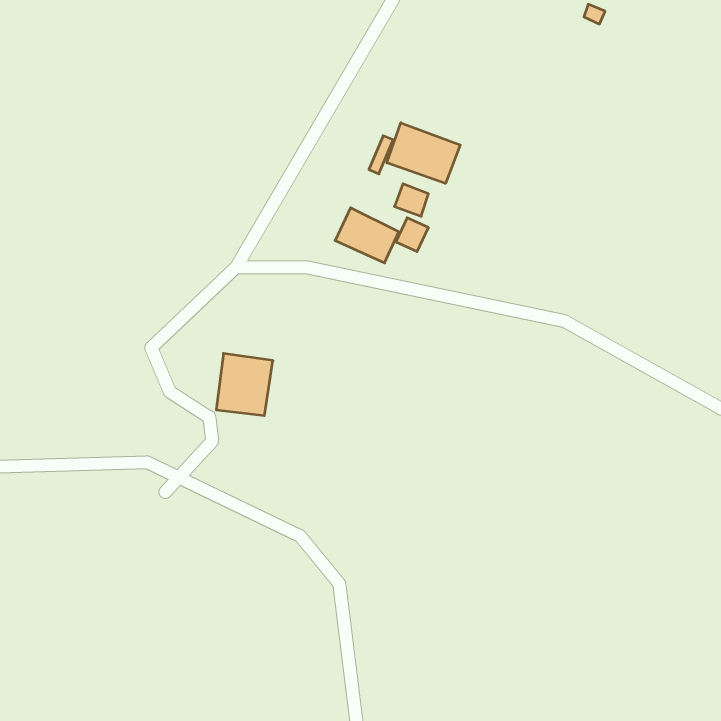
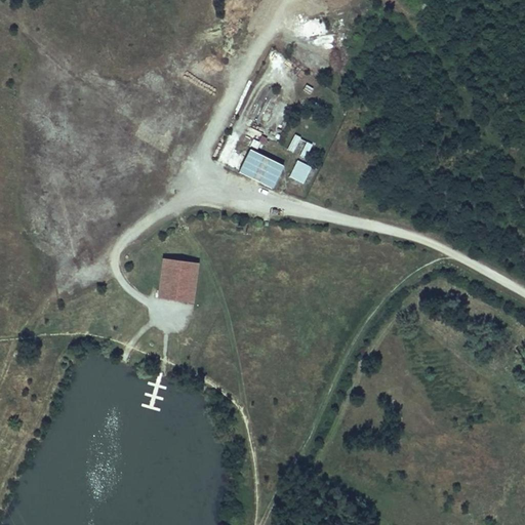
building: [387,123,460,183] -> none

